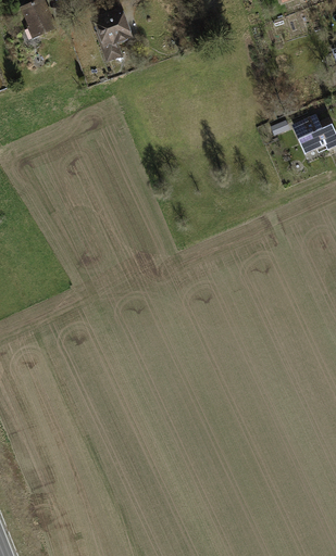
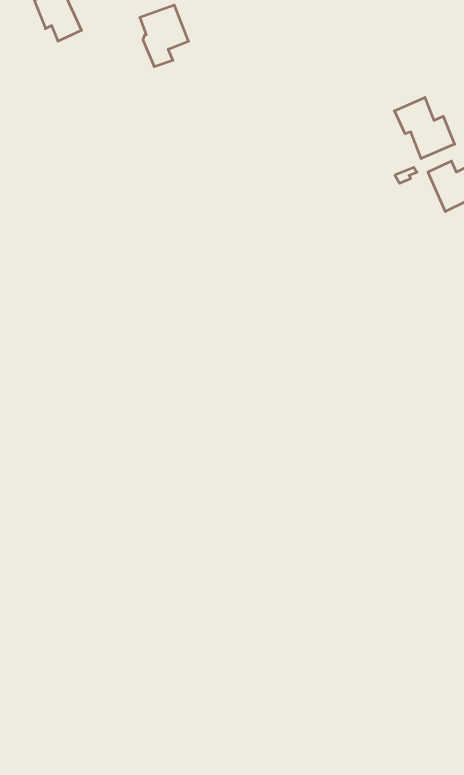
building: none -> [394,97,455,159]

